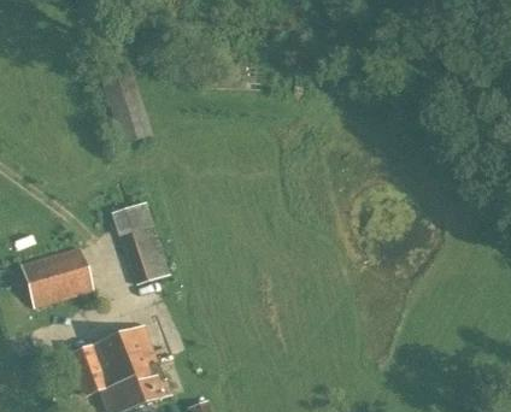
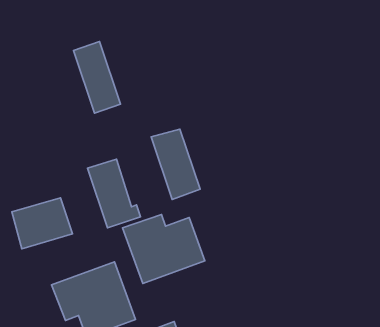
building: none -> [151,129,200,199]
building: none -> [122,214,205,284]

